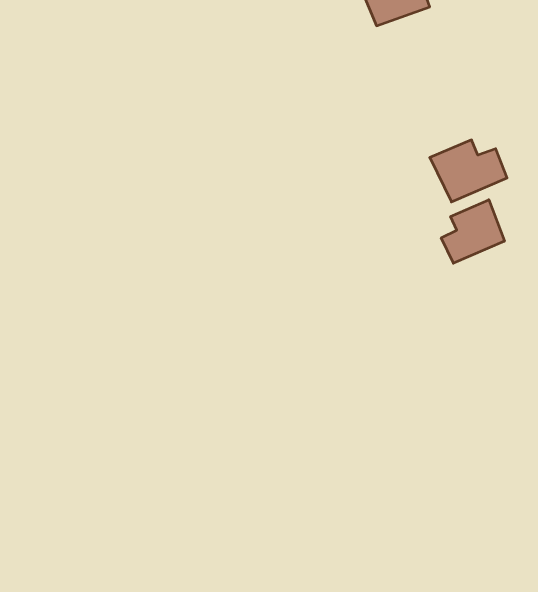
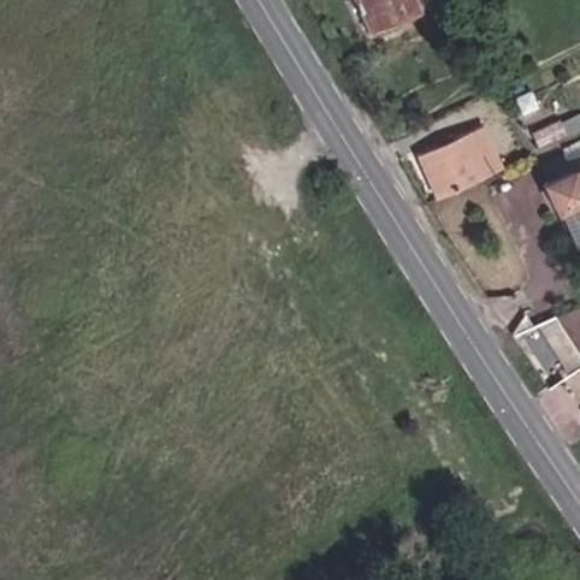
building: [441,200,504,263] -> none

